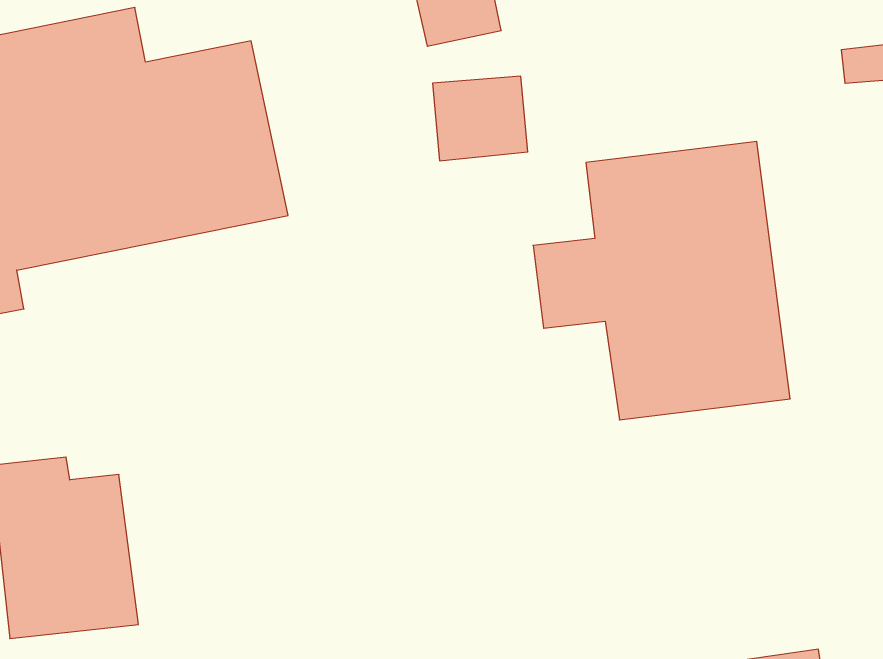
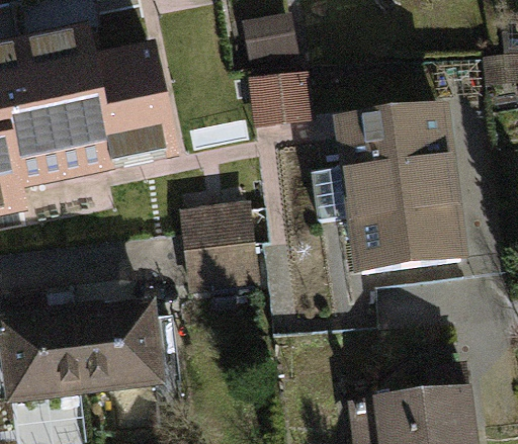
building: none -> [184,204,258,293]
building: none -> [71,298,177,399]

